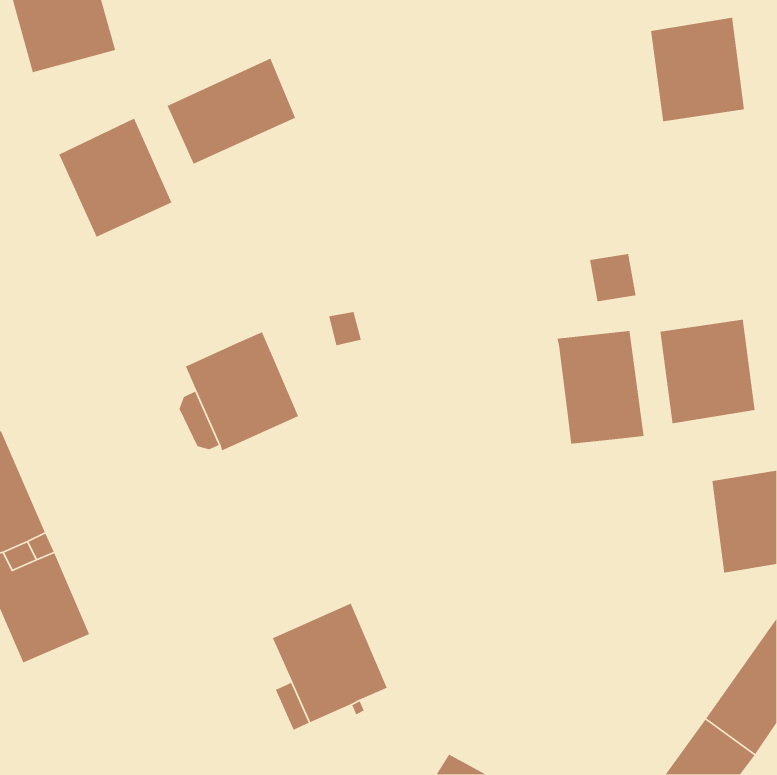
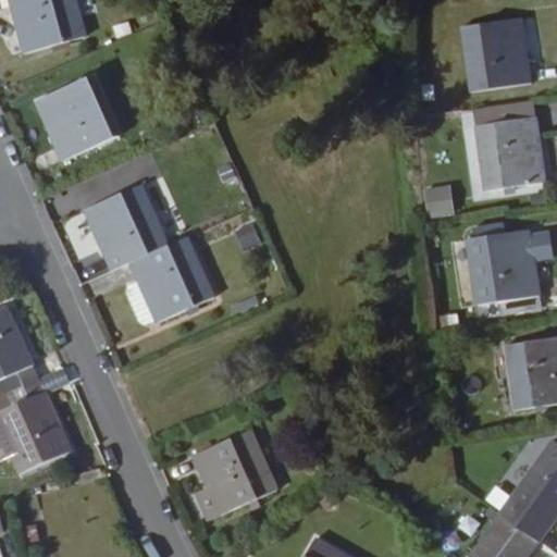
building: [167,57,296,165] -> none
building: none -> [478,116,545,190]
building: none -> [86,185,168,270]
building: [556,330,645,444] -> none

